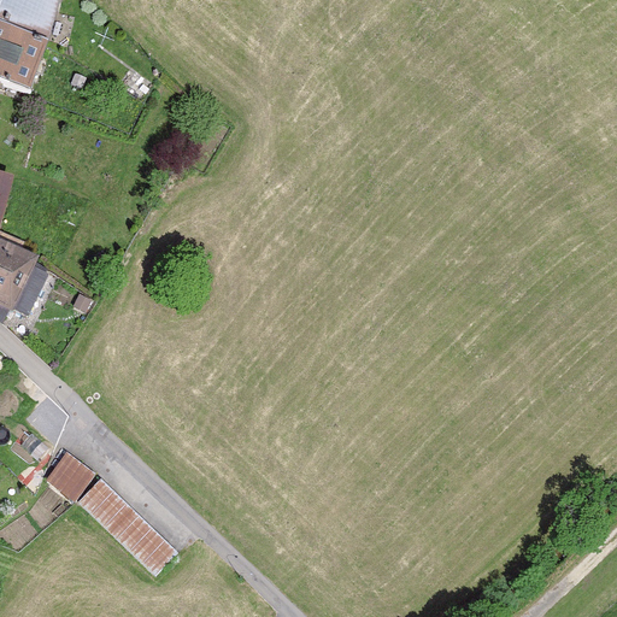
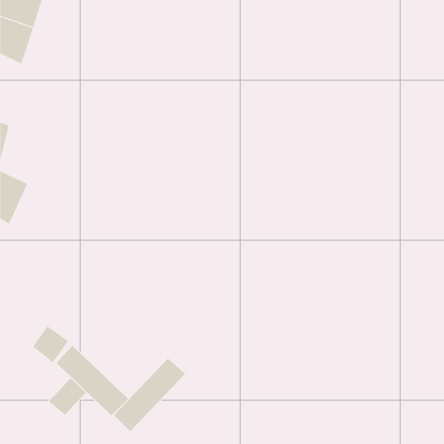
building: none -> [113,358,186,432]
building: none -> [48,377,87,415]

